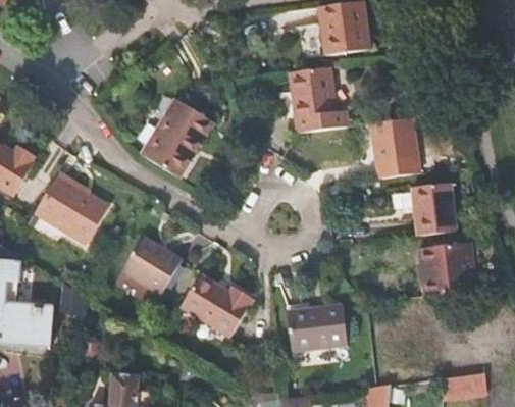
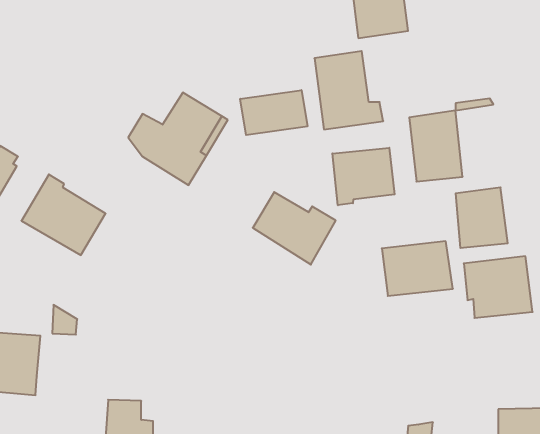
building: none -> [240,90,307,135]
building: none -> [332,148,395,205]
building: [120,238,181,295] -> none
building: [181,276,252,339] -> [253,192,336,265]
building: [287,304,348,351] -> [382,241,453,296]

